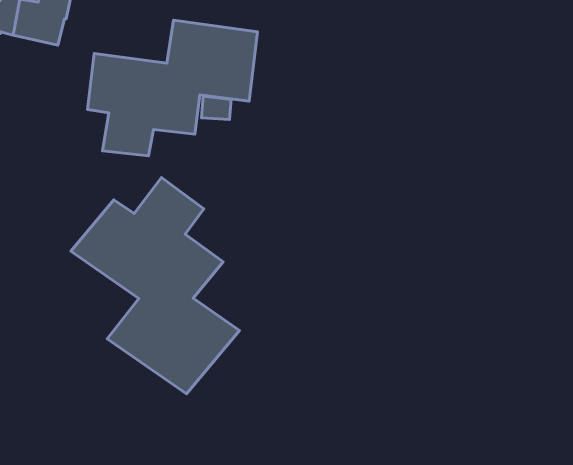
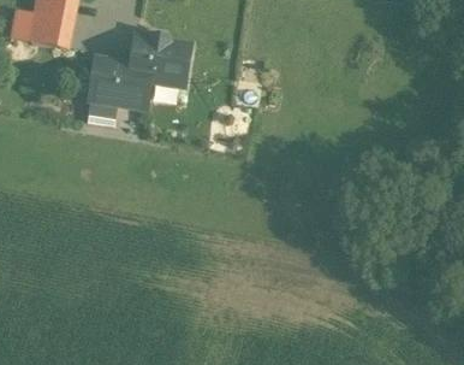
building: [71,177,239,394] -> none

